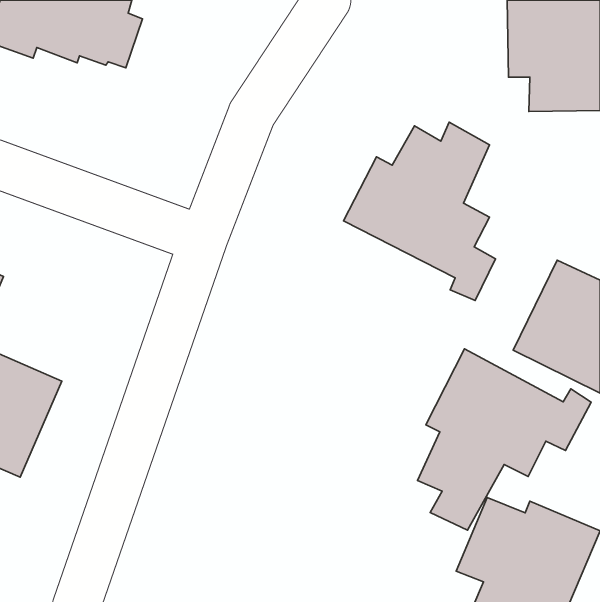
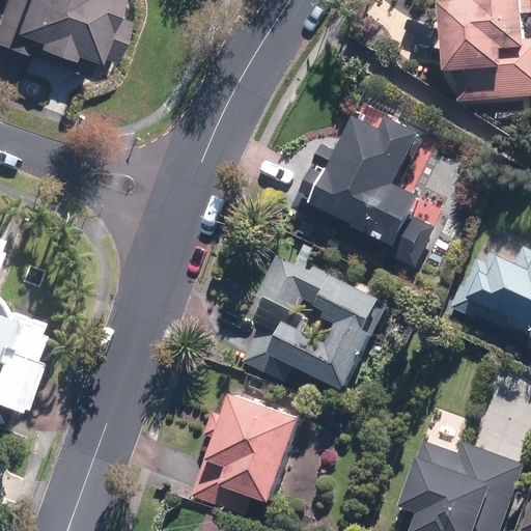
building: none -> [244,250,386,390]
building: [417,349,591,530] -> none
building: none -> [190,393,304,508]

